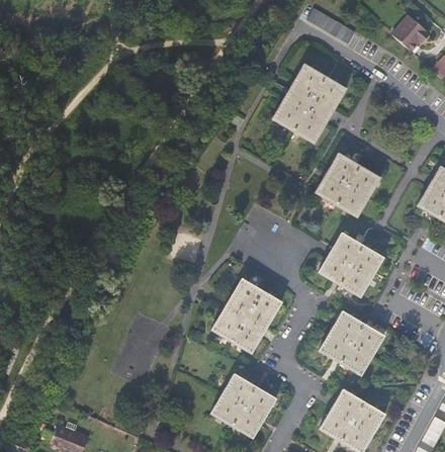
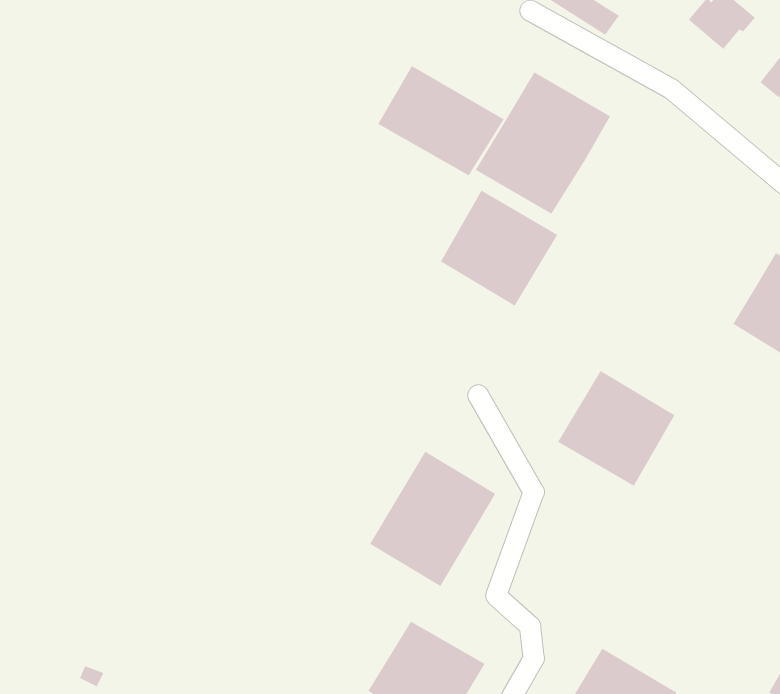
building: none -> [378,65,504,176]
building: [316,152,382,217] -> [440,190,558,306]
building: [319,309,385,375] -> none

